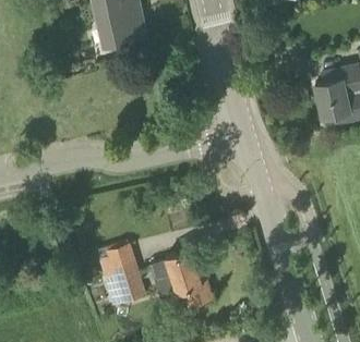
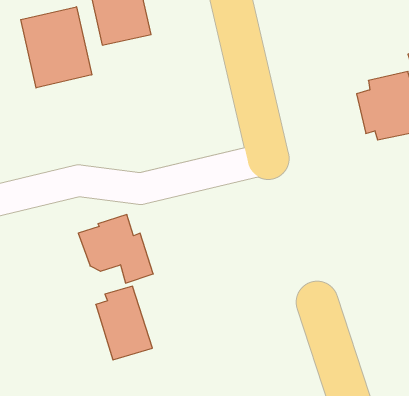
building: none -> [21,7,92,88]
building: [149,249,212,306] -> [78,215,153,283]

